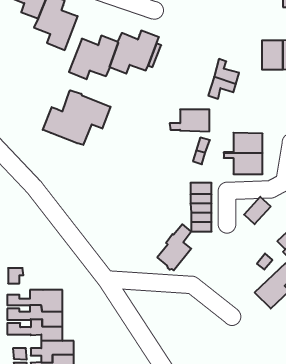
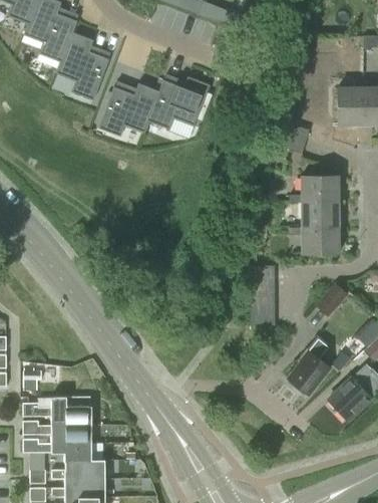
building: [43,90,111,145] -> none
building: [170,109,209,131] -> [289,177,338,204]
building: [157,224,191,270] -> [288,338,330,396]

